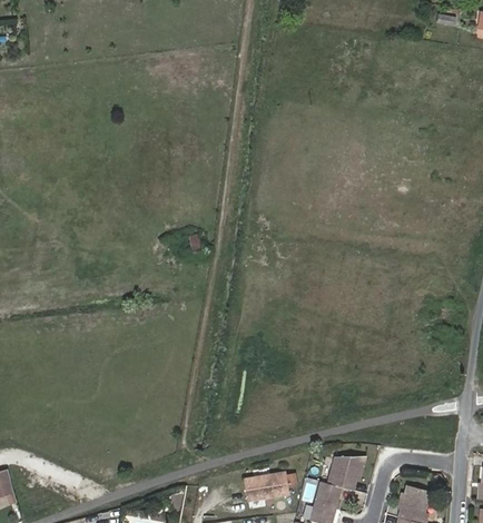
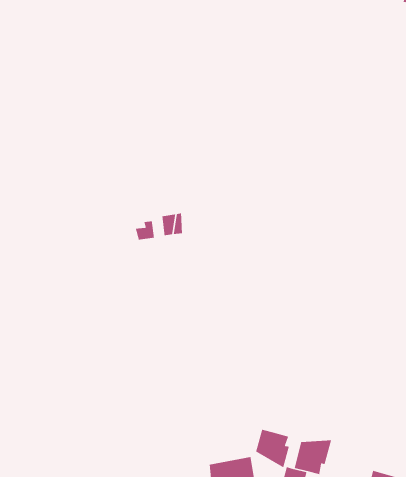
building: none -> [255,429,290,469]

